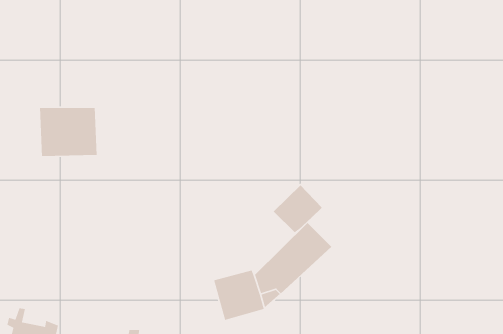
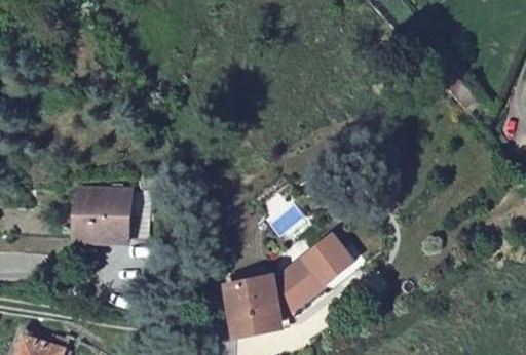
building: [39,107,98,157] -> [70,197,128,246]
building: [273,184,323,233] -> none

